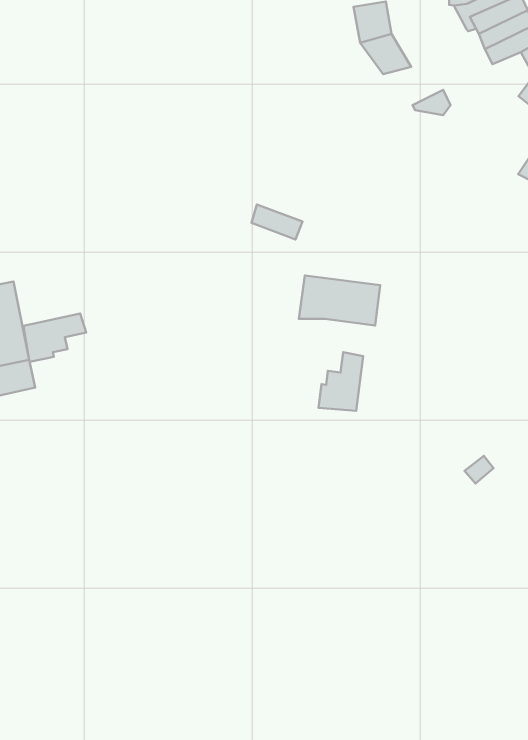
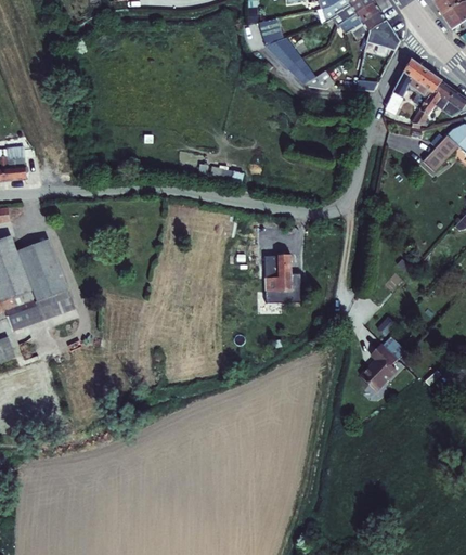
building: none -> [284,57,316,86]
building: [299,275,380,326] -> none
building: [23,314,86,362] -> none
building: none -> [357,343,393,391]

